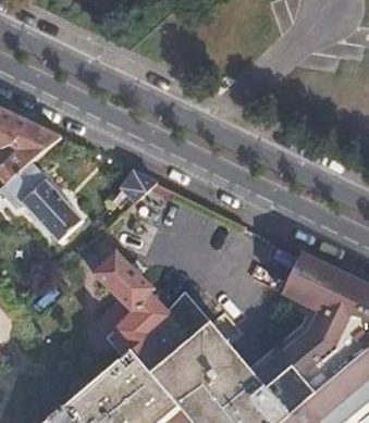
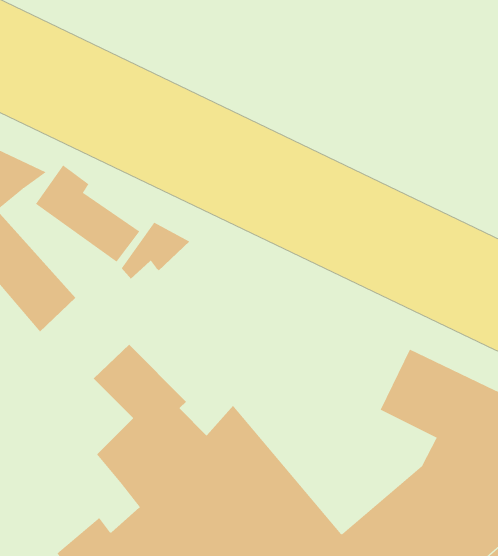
building: none -> [35,165,140,262]

